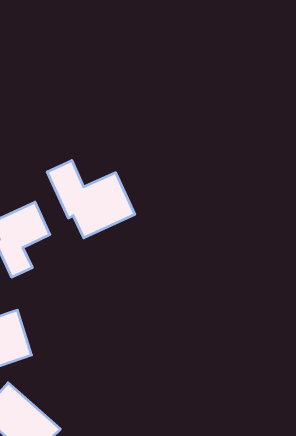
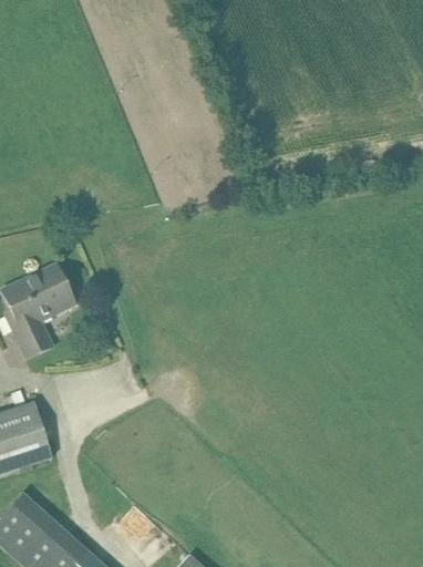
building: [47,160,135,238] -> none

